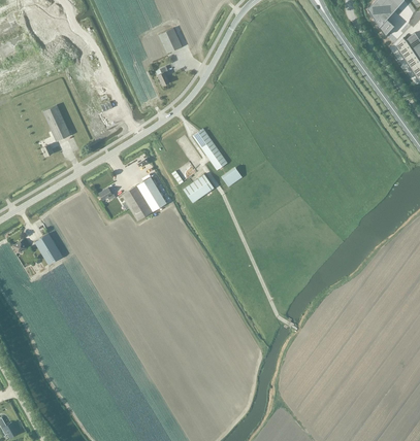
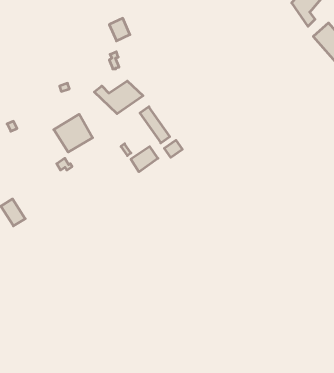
building: none -> [94,81,143,114]
building: [43,105,71,141] -> none
building: [122,177,166,220] -> [54,114,93,152]

